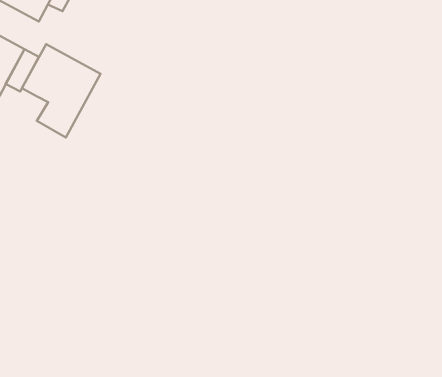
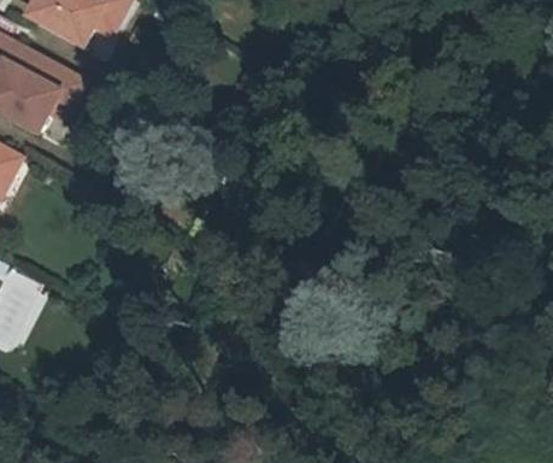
building: [22,44,101,137] -> none

